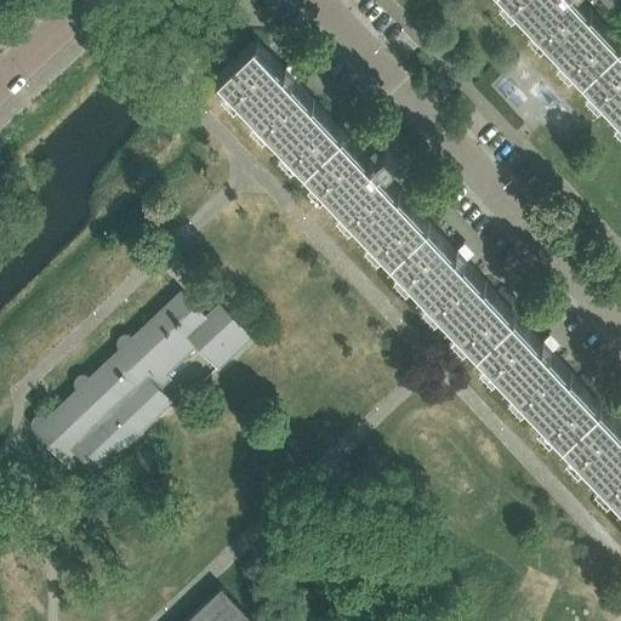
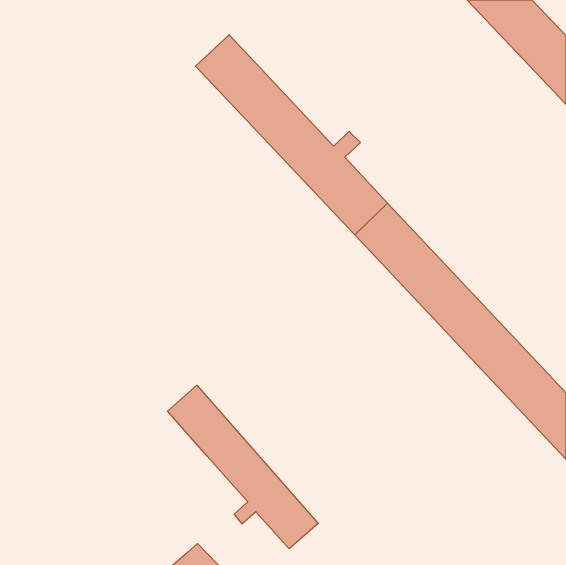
building: [25,300,241,482] -> none
building: none -> [168,385,318,549]

